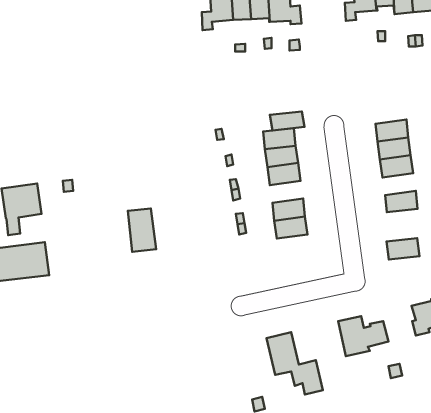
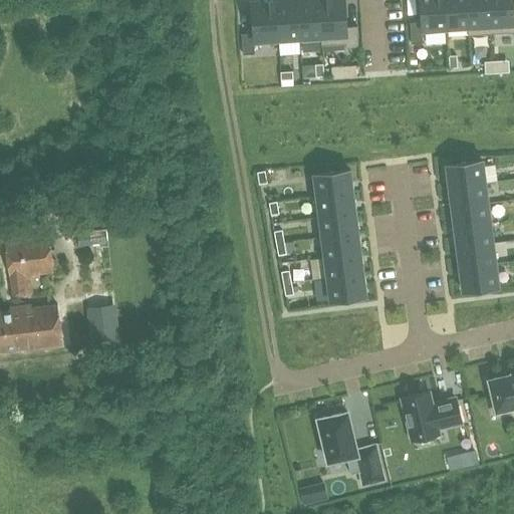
building: [270,111,304,130] -> none
building: none -> [454,224,493,250]
building: none -> [321,233,360,259]
building: [128,208,156,252] -> [85,292,118,343]
building: [386,238,420,259] -> [459,266,498,291]

